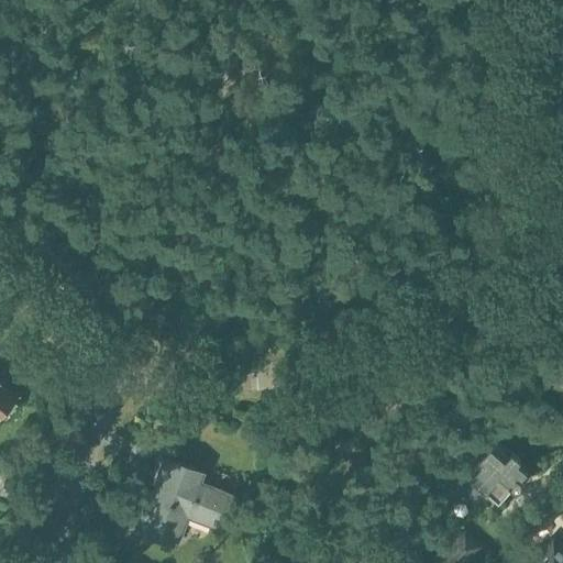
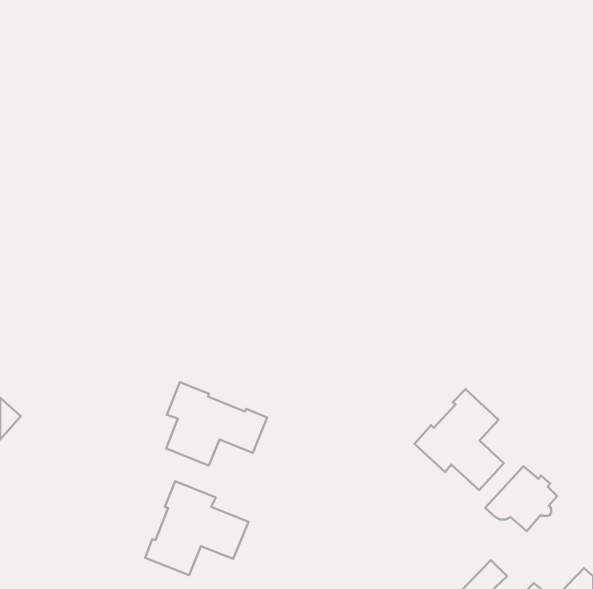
building: none -> [166,382,267,465]
building: none -> [414,389,504,490]

